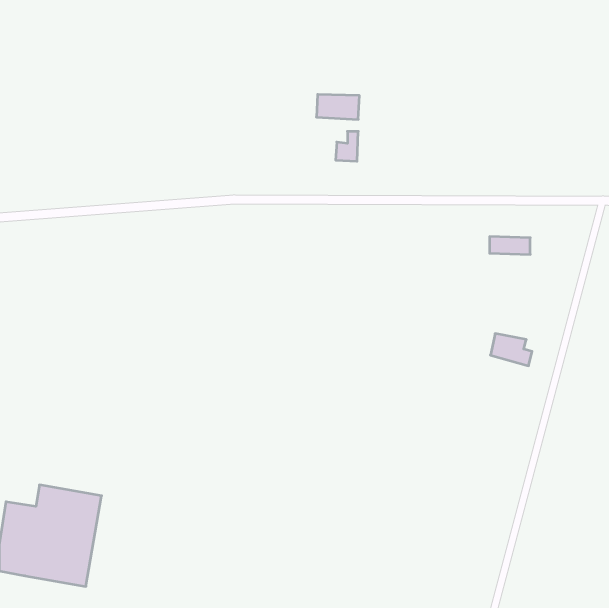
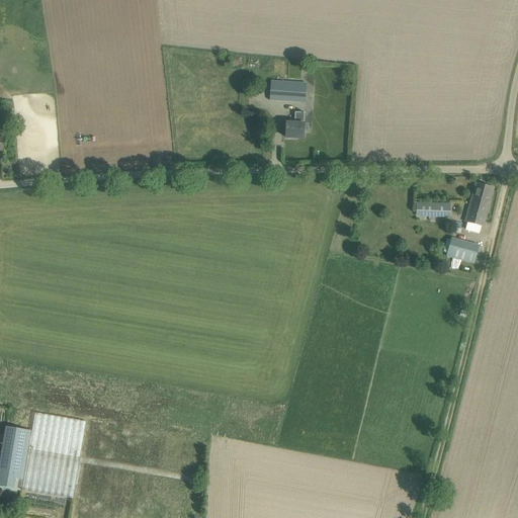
building: none -> [464,181,493,232]
building: [490,334,532,366] -> [448,237,484,264]

